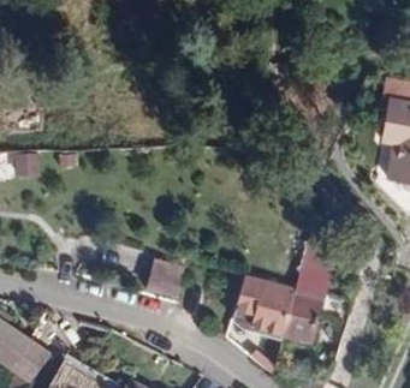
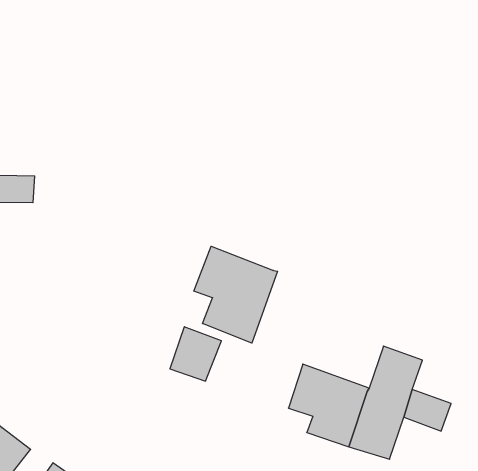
building: none -> [194,246,278,343]

